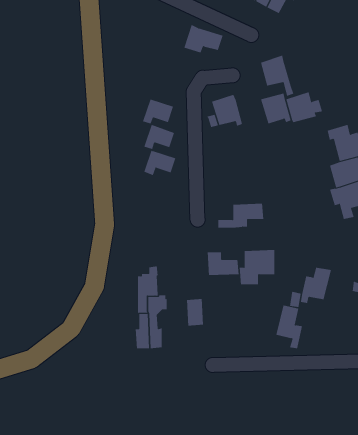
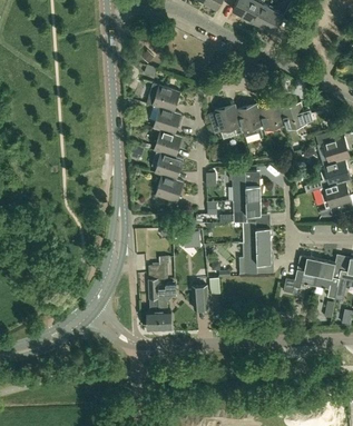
building: [184,24,224,53] -> [146,83,182,109]
building: [260,55,294,96] -> [237,103,267,140]
building: none -> [229,174,264,202]
building: none -> [156,177,185,201]
building: [207,252,239,276] -> [243,222,272,244]
building: [275,305,303,349] -> [315,260,340,299]

